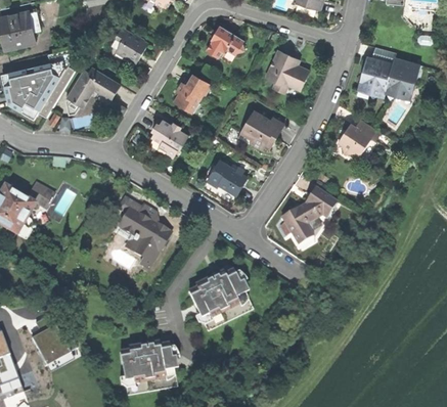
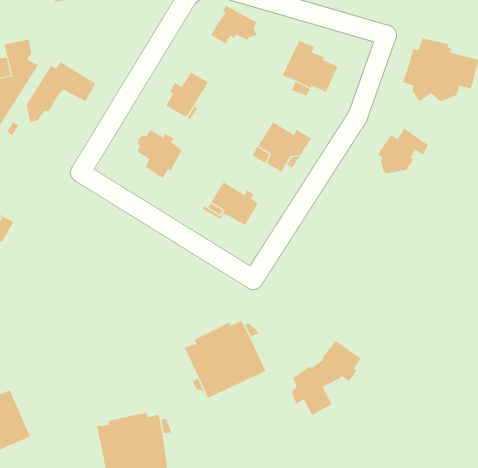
building: [115,28,147,62] -> none
building: [280,186,336,245] -> [291,340,361,416]
building: [116,195,175,271] -> none

